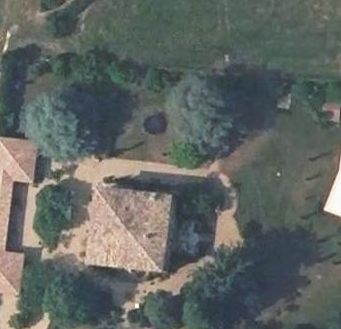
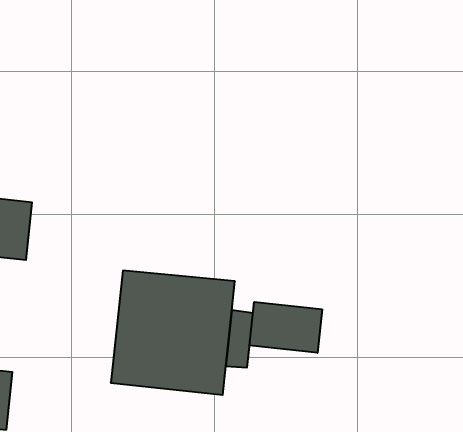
building: none -> [250,302,322,353]

